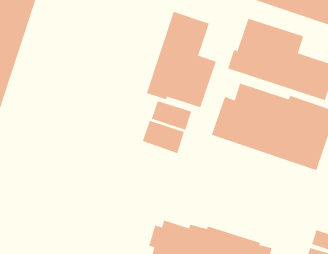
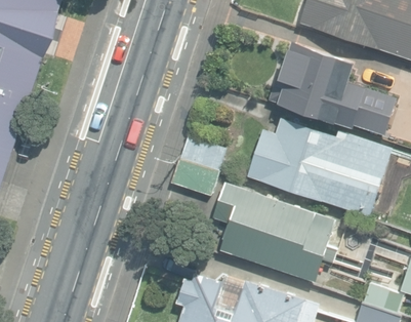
building: [146,11,217,108] -> none
building: none -> [211,183,337,283]

